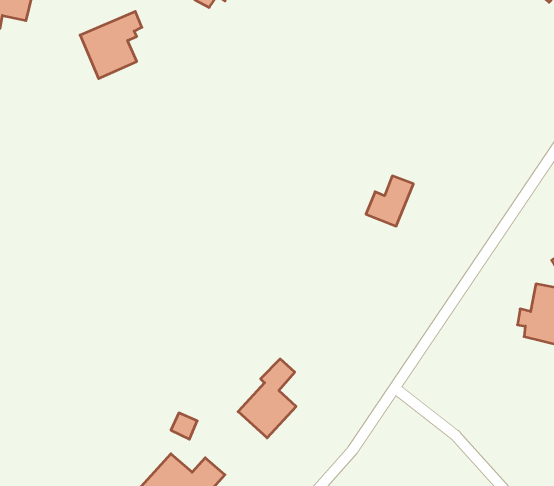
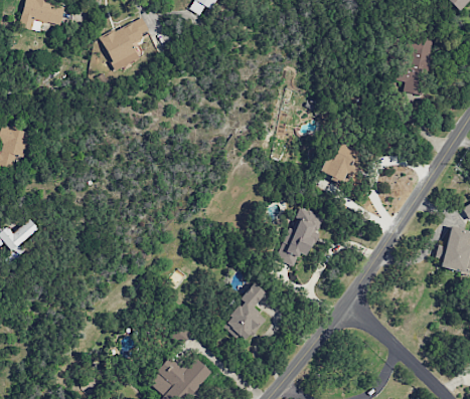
building: none -> [403,36,432,94]
building: none -> [276,208,324,266]

